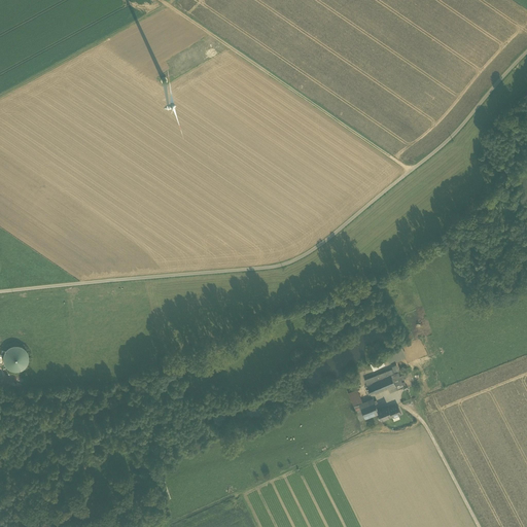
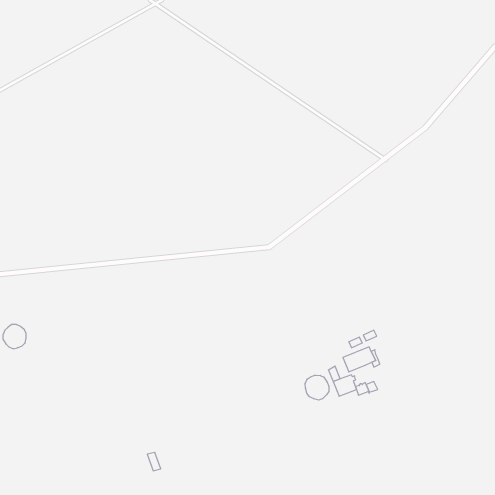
building: none -> [305,375,329,400]

